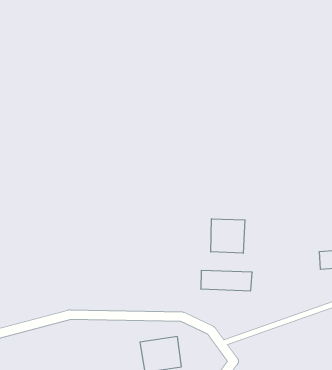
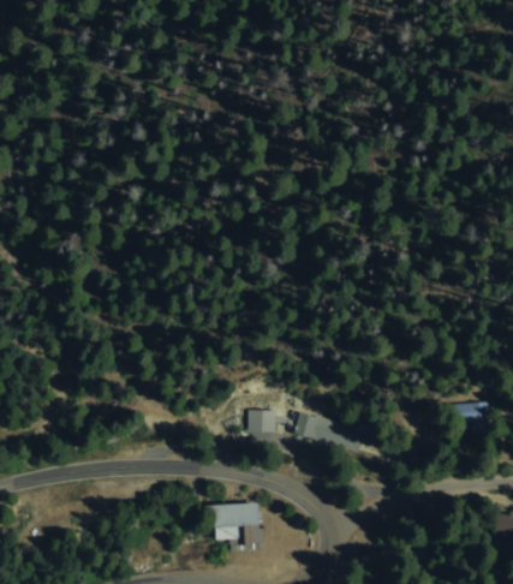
building: [211,219,245,253] -> none
building: none -> [247,411,274,433]

